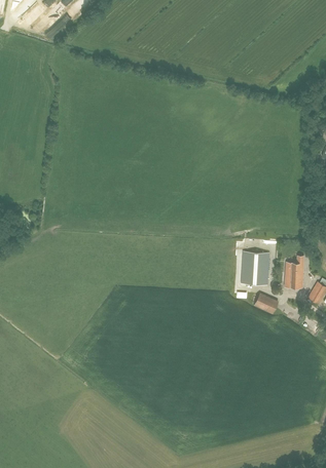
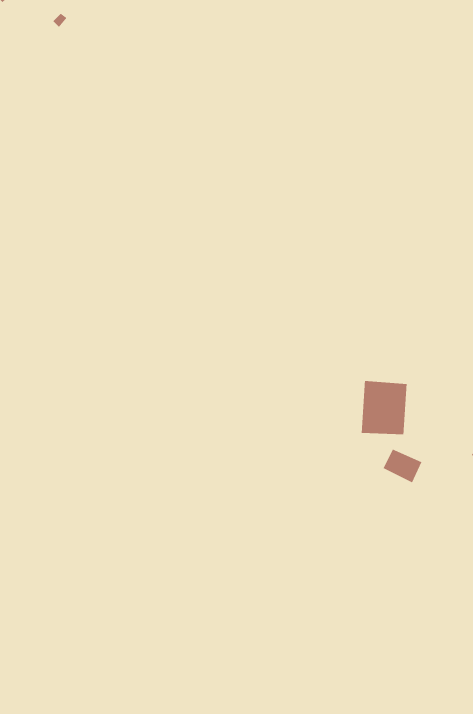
building: [285,255,303,287] -> none

